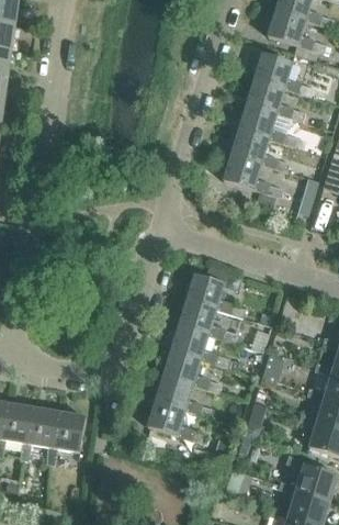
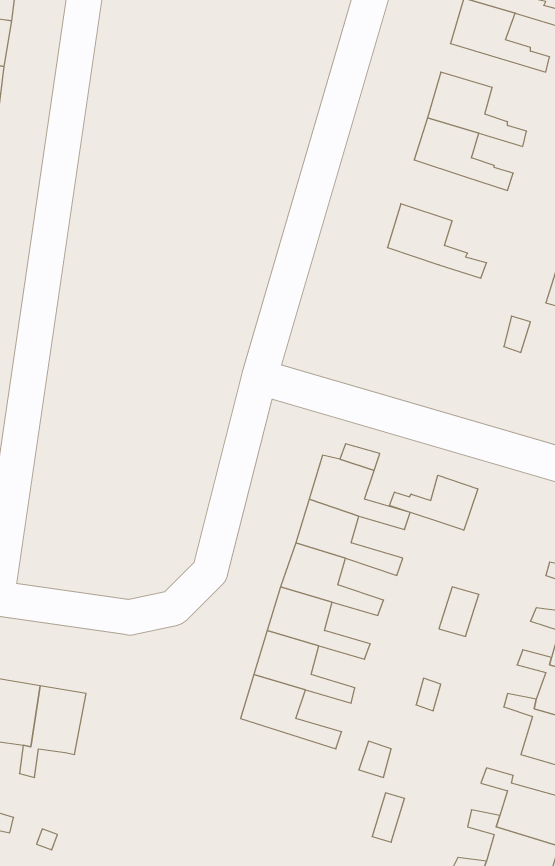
building: [239,103,296,146] -> none
building: [223,154,282,197] -> none
building: none -> [389,475,478,530]
building: [46,411,84,463] -> none

